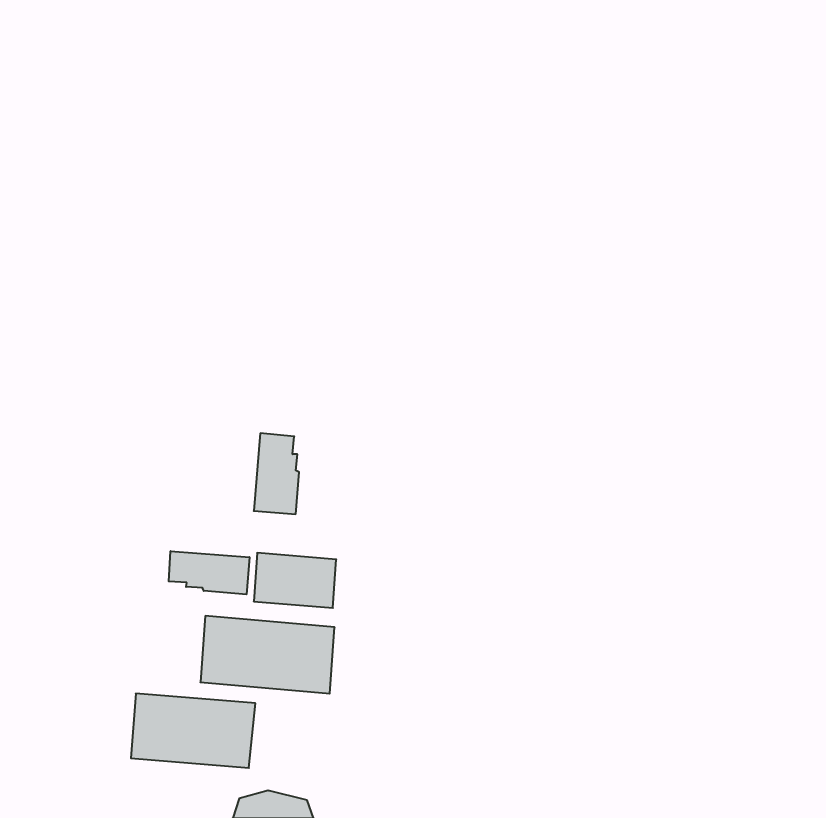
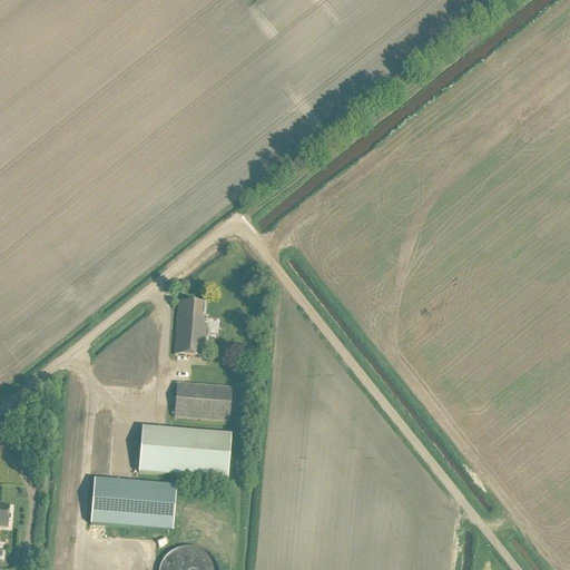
building: [169,551,249,594] -> none

